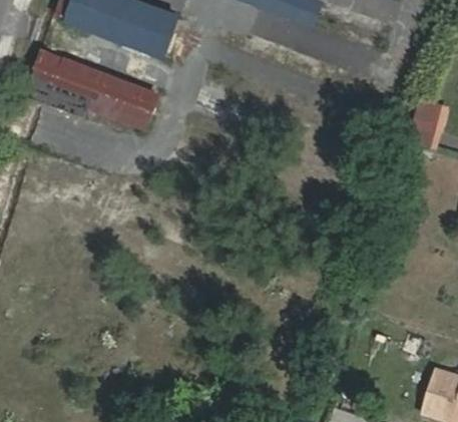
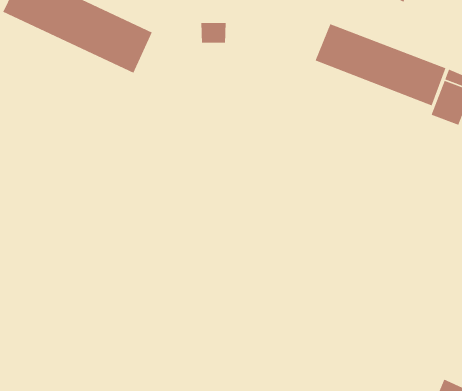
building: none -> [314,23,447,106]

